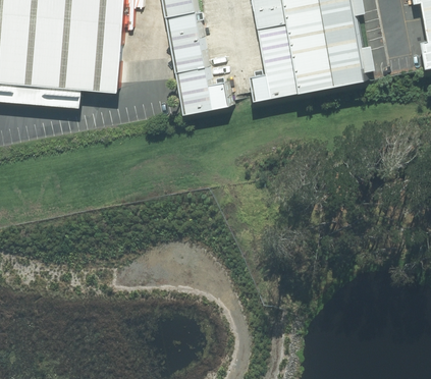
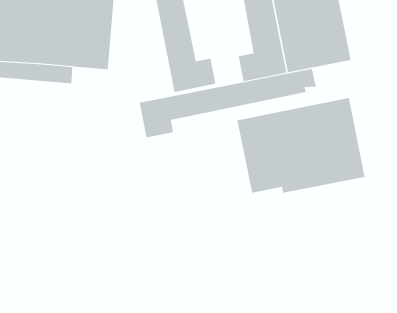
building: none -> [139,68,317,138]
building: none -> [237,97,365,194]

